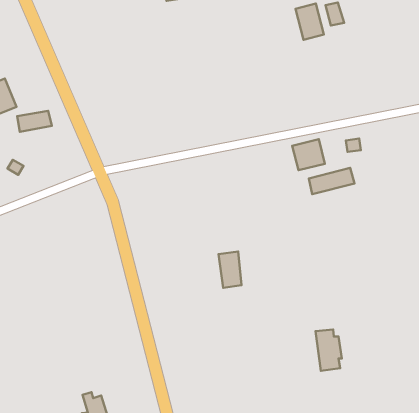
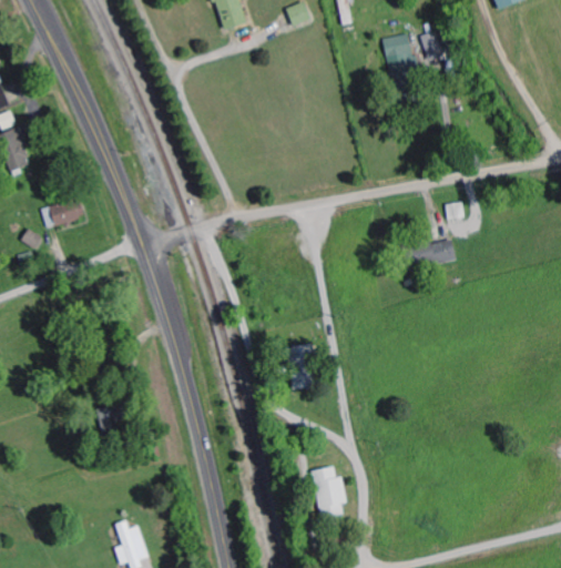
building: [17,111,52,132] -> [42,199,85,225]
building: [292,139,325,170] -> none
building: [315,329,342,371] -> [313,466,346,518]

